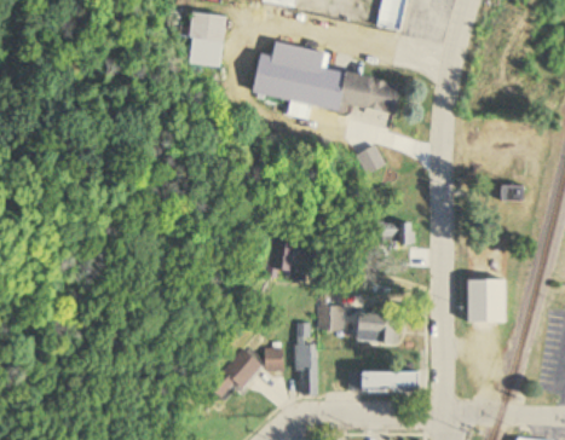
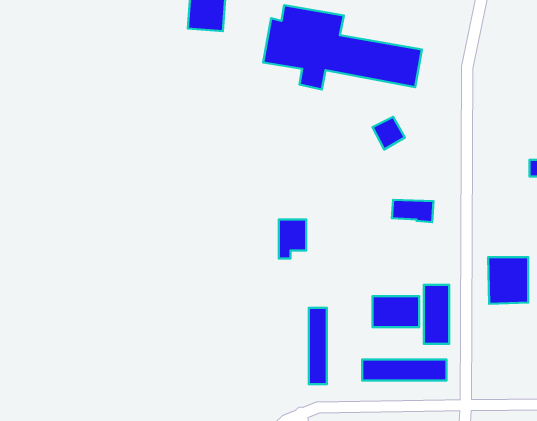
building: [316,295,345,330] -> none
building: none -> [424,285,449,344]
building: [206,343,288,400] -> none

